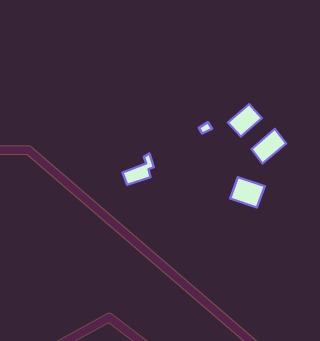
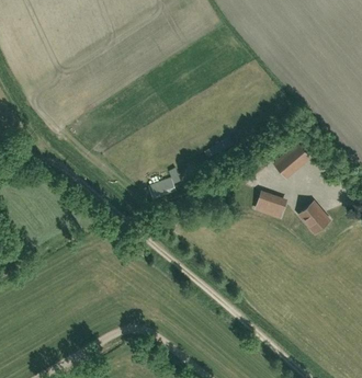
building: [228,104,262,136] -> none
building: none -> [298,203,328,233]

